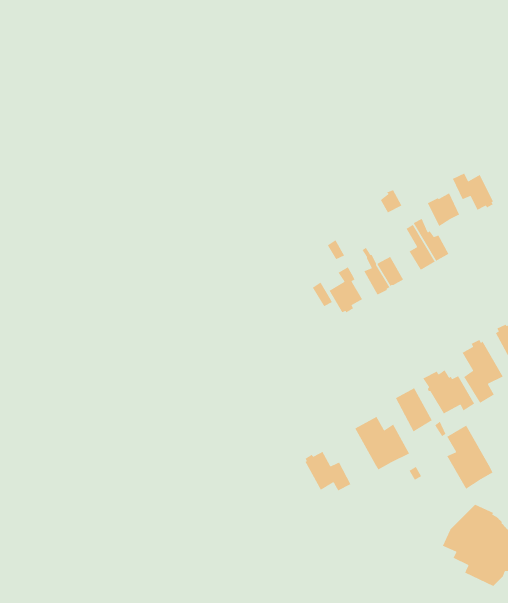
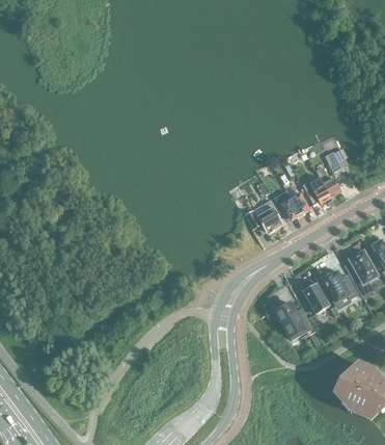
building: [452,172,494,211] -> none
building: [446,424,494,490] -> none
building: [304,451,352,492] -> none

